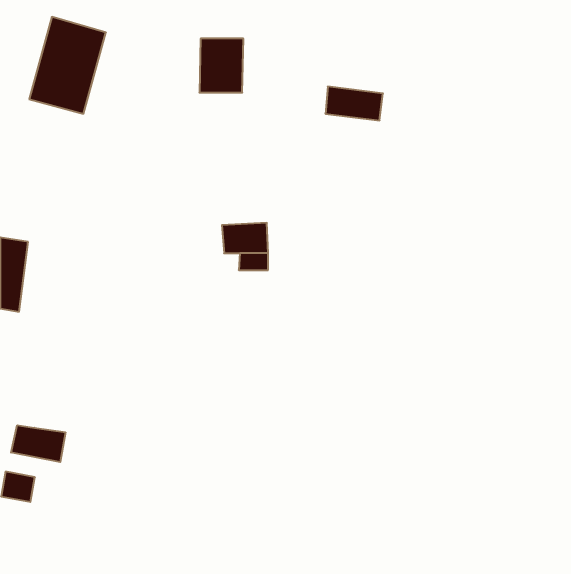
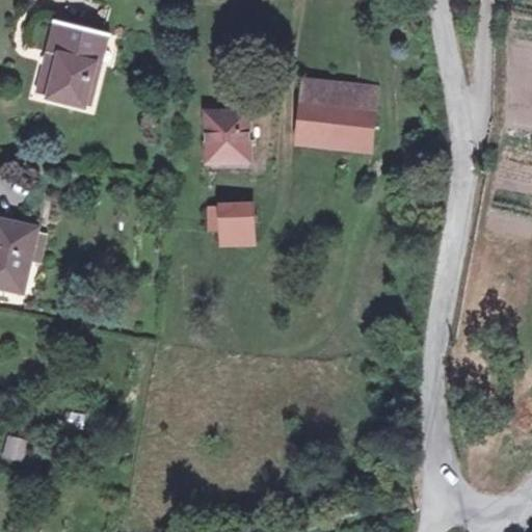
building: [199,39,243,93] -> [208,113,248,163]
building: none -> [301,106,377,142]
building: [11,425,65,462] -> none

